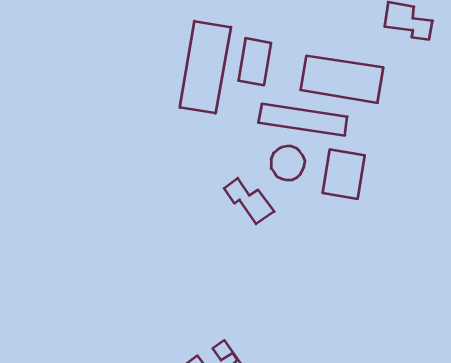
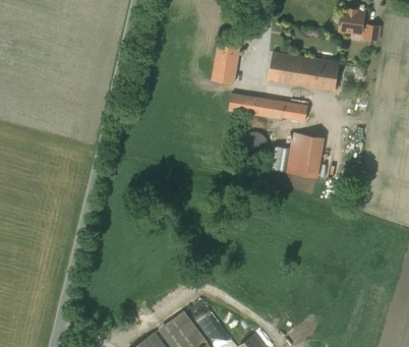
building: [180,21,231,113] -> none
building: [224,178,274,224] -> none

